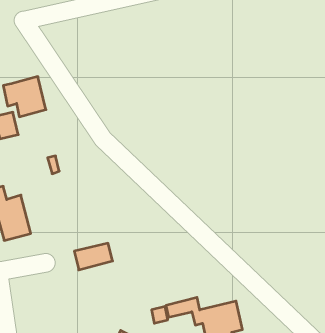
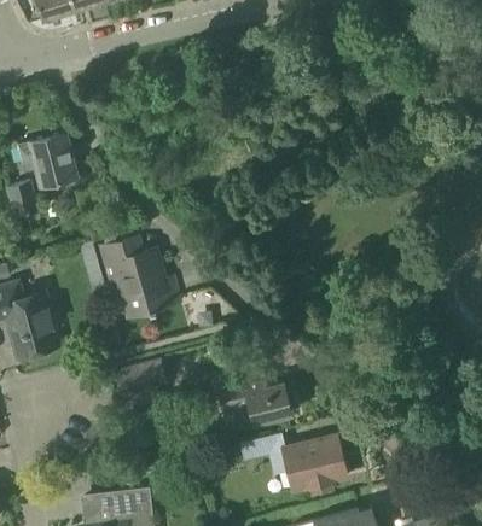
building: none -> [99,236,180,316]
building: none -> [219,376,291,422]

